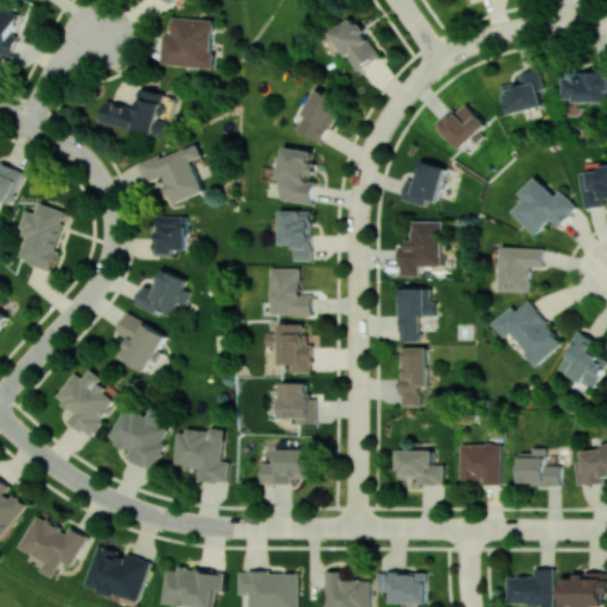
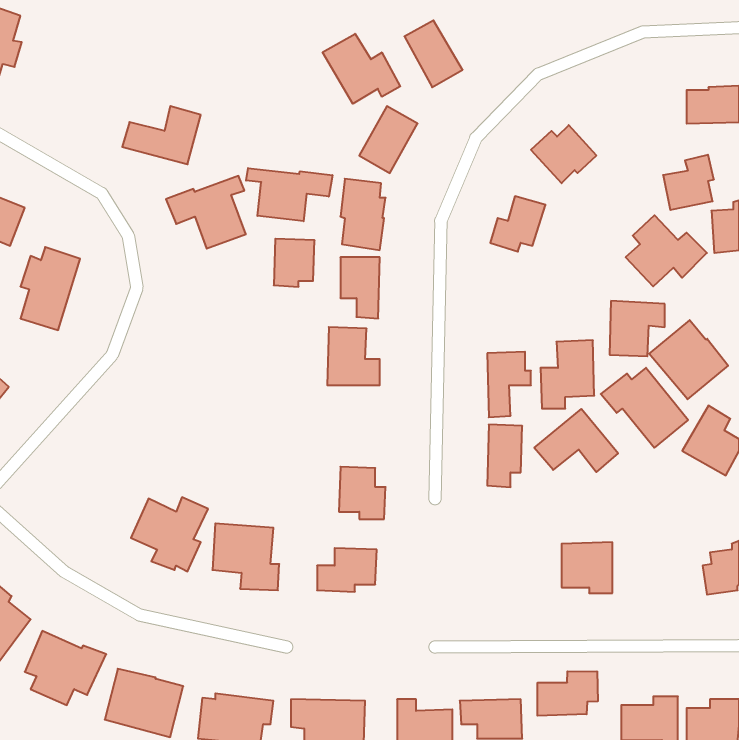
building: [159,19,212,69] -> none
building: none -> [323,34,400,104]
building: [499,70,541,115] -> [663,155,714,210]
building: none -> [246,168,332,221]
building: [153,217,186,256] -> [274,239,315,287]
building: [396,222,440,277] -> [540,340,594,409]
building: none -> [649,320,728,399]
building: [133,271,187,320] -> none
building: [114,314,164,373] -> none
building: [277,325,314,375] -> none
building: none -> [534,409,618,472]
building: [53,371,114,437] -> none
building: [516,449,560,487] -> none
building: [395,451,442,485] -> none
building: none -> [537,671,598,716]

